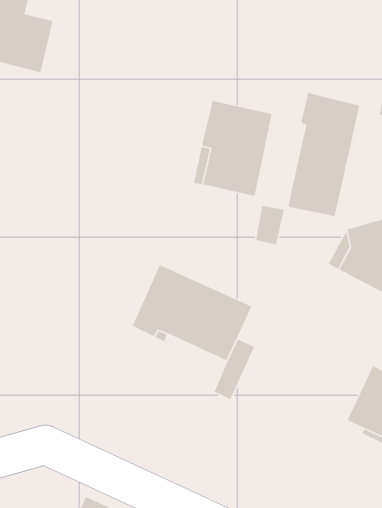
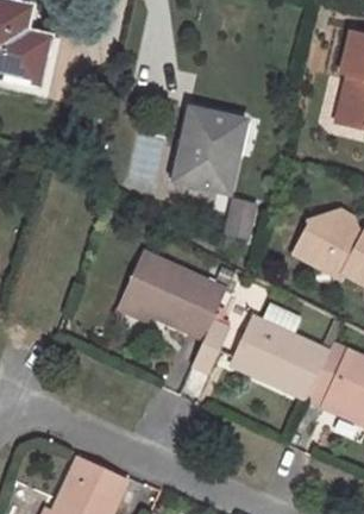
building: [287,92,360,217] -> none
building: none -> [233,316,330,399]

